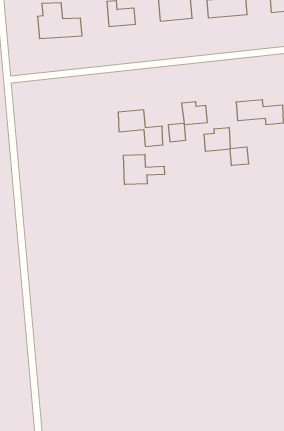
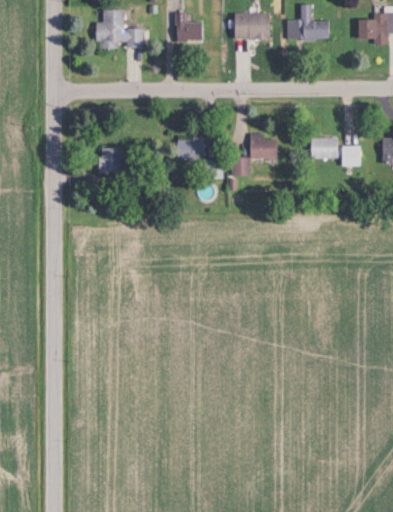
building: none -> [99,146,124,172]
building: [204,127,248,166] -> none
building: [123,154,165,185] -> none

